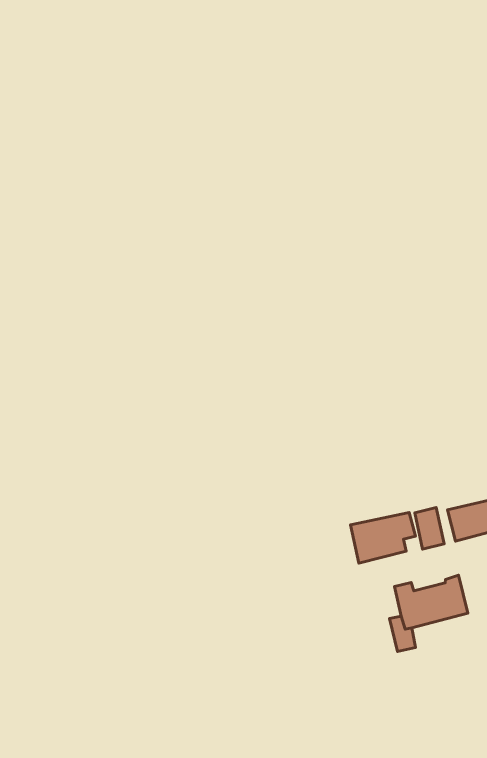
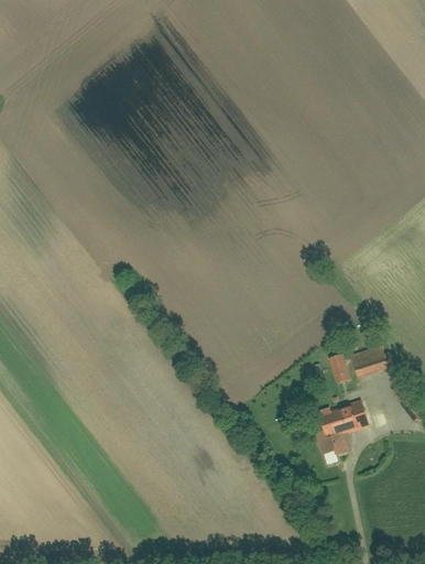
building: [350,513,415,563] -> none

